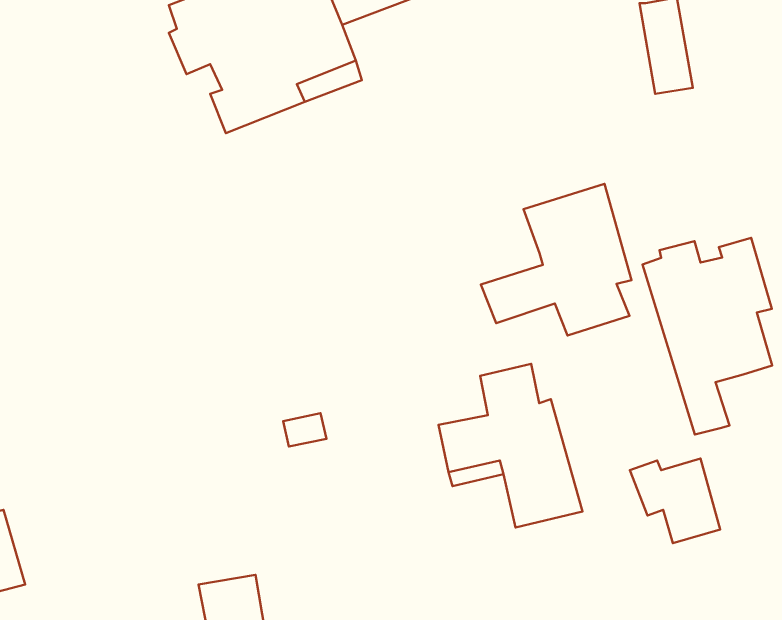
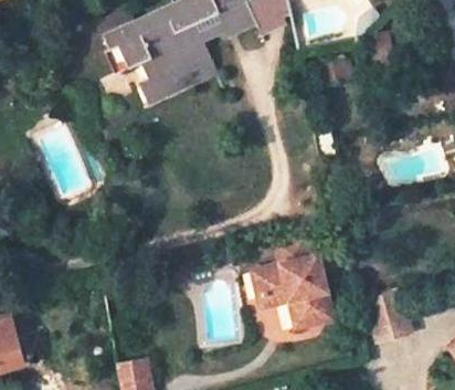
building: [481,184,632,336] -> none
building: [643,238,772,435] -> none

